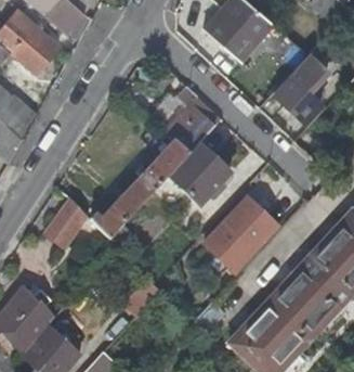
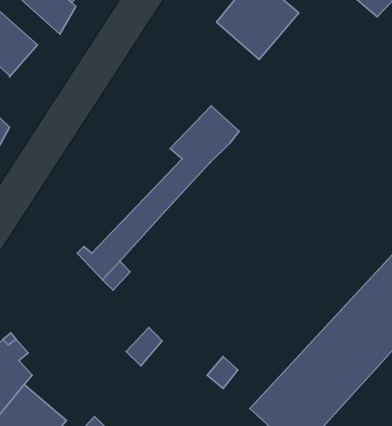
building: [273,36,335,120] -> none
building: [168,144,228,206] -> none
building: [45,197,86,246] -> none
building: [204,198,277,273] -> none

